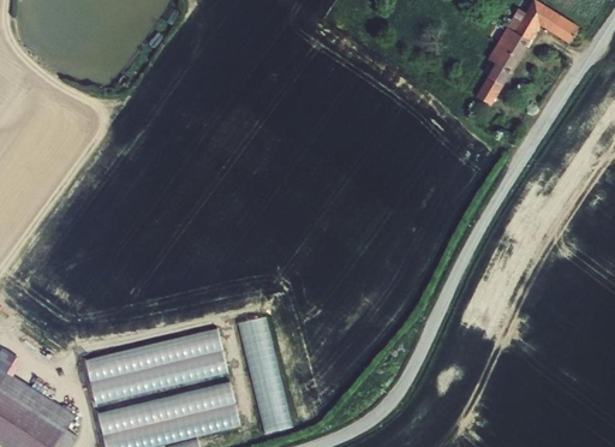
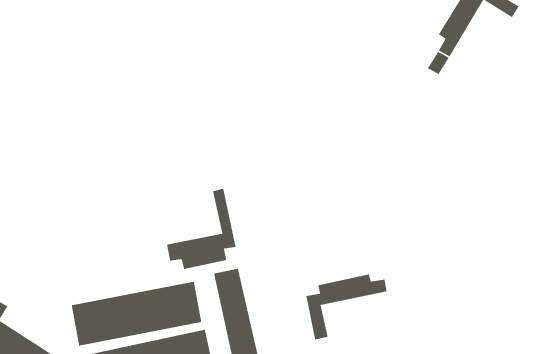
building: none -> [166,188,236,270]
building: none -> [305,274,387,341]

